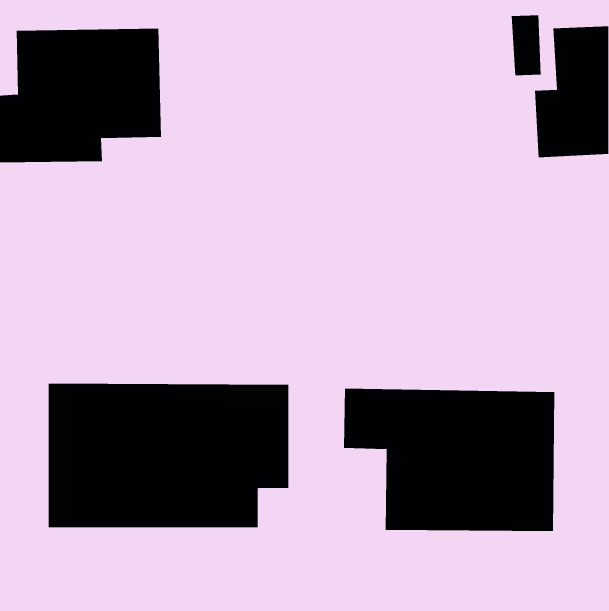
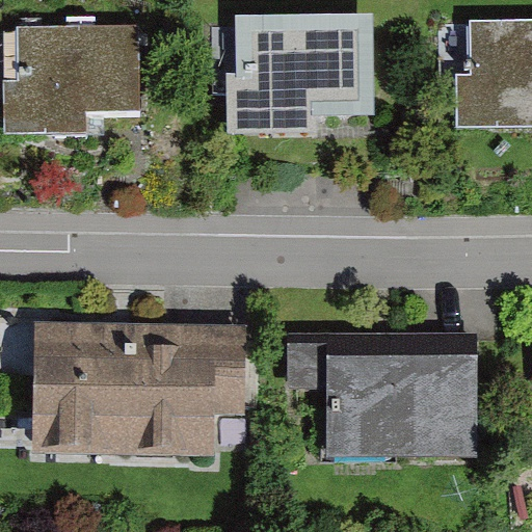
building: none -> [234,11,371,136]

